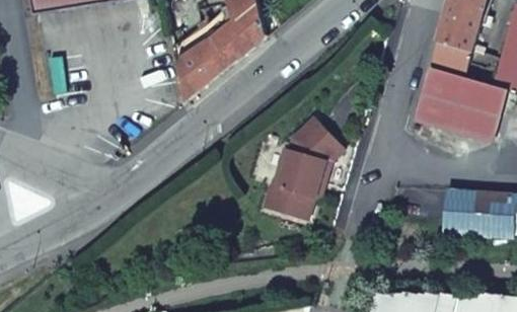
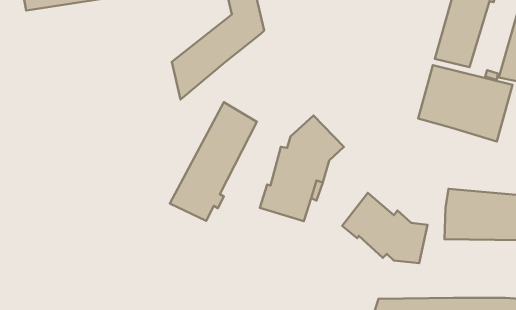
building: none -> [170,102,257,221]
building: none -> [342,193,427,263]

